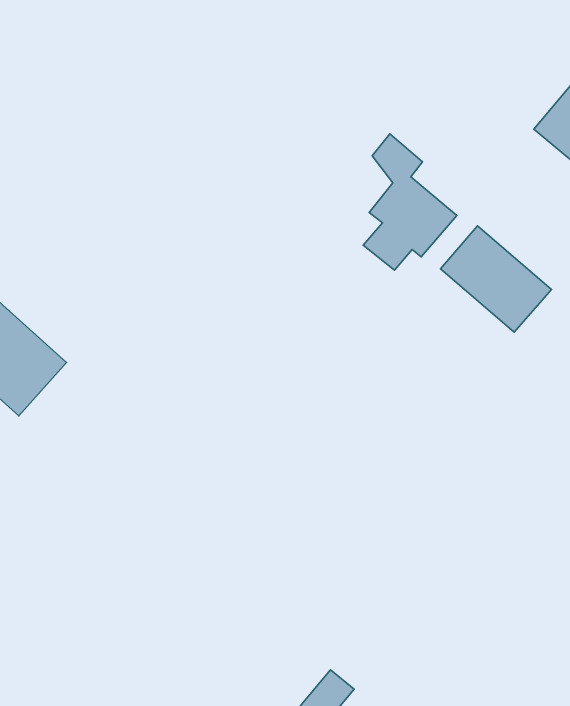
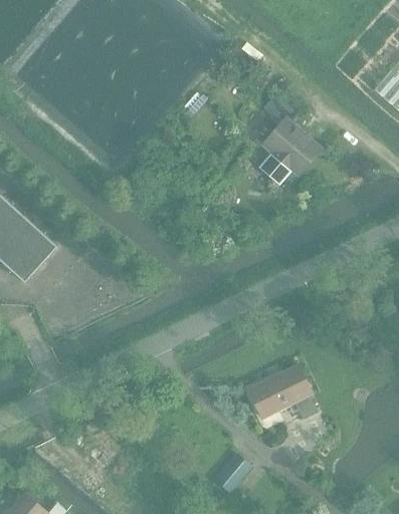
building: [440,226,551,332] -> none
building: none -> [248,364,319,420]

